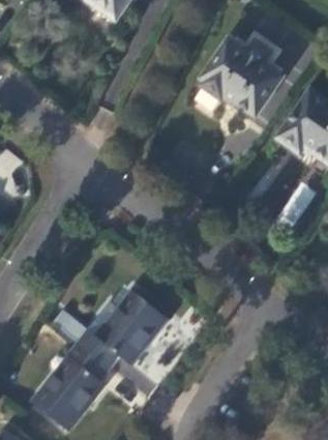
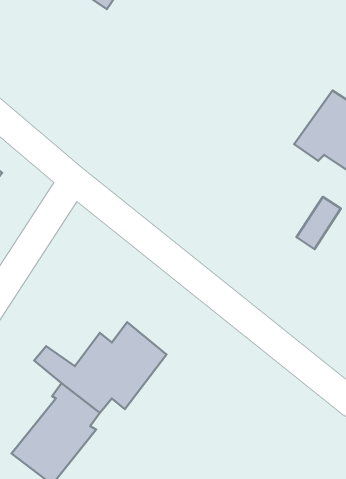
building: [201,38,282,115] -> none

